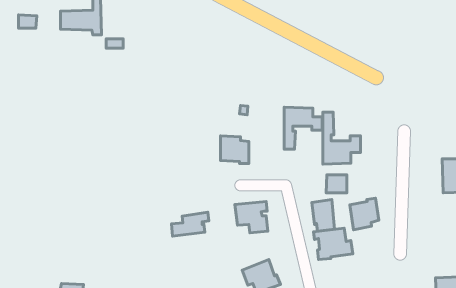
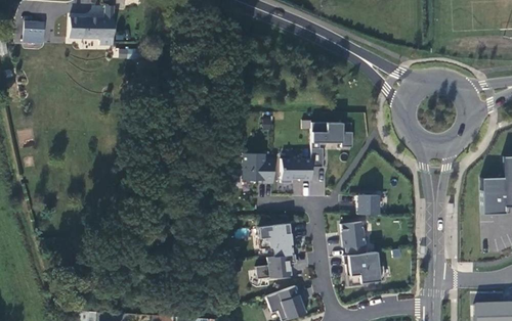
building: [323,112,360,164] -> none
building: none -> [282,157,311,182]
building: [350,198,379,230] -> none
building: [172,212,209,236] -> [256,254,296,279]

